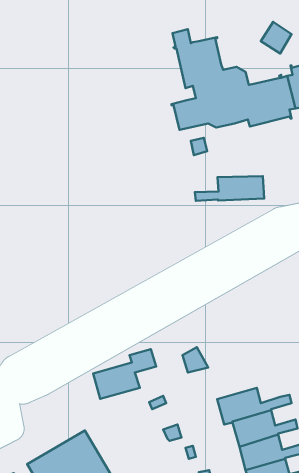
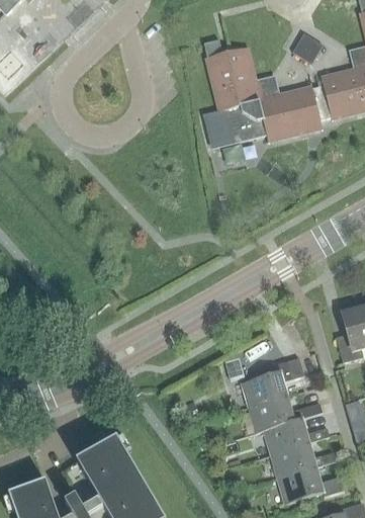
building: [195,176,264,201] -> none
building: [93,349,156,399] -> [242,358,304,408]

